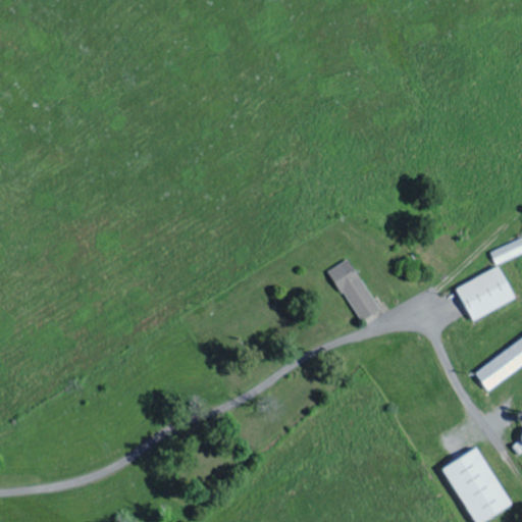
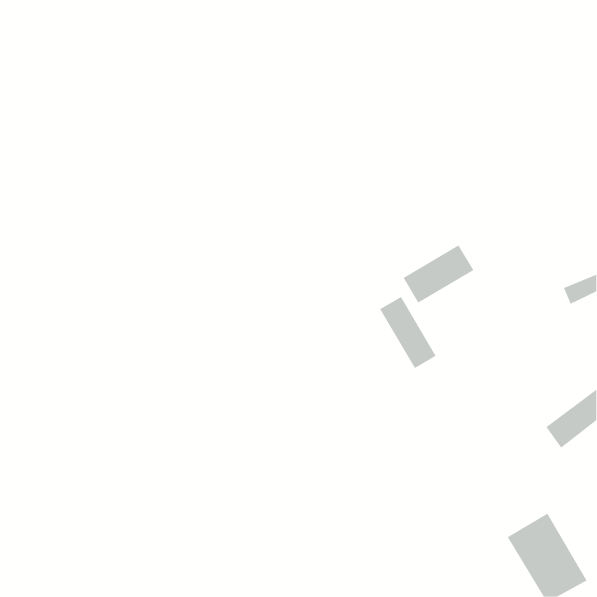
building: none -> [403,245,474,303]
building: [456,266,516,321] -> none

